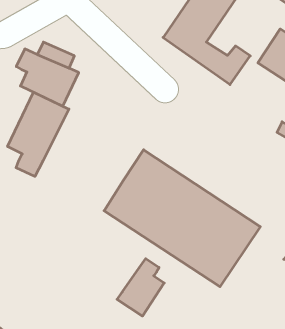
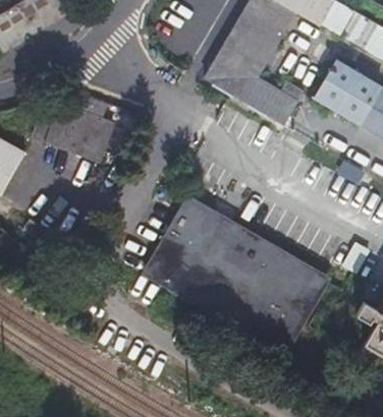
building: [8,92,69,176] -> none
building: [117,259,164,316] -> none

